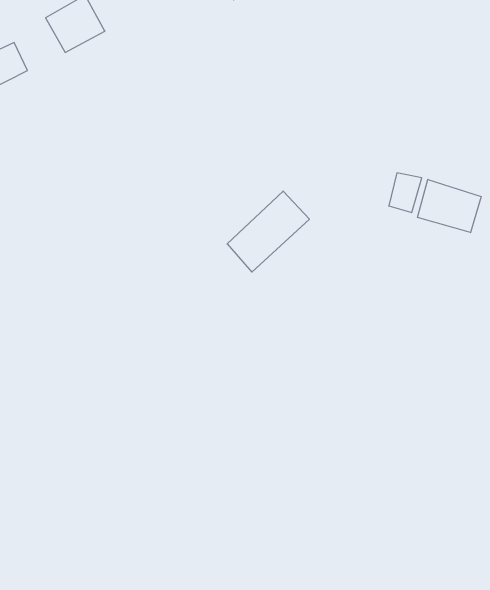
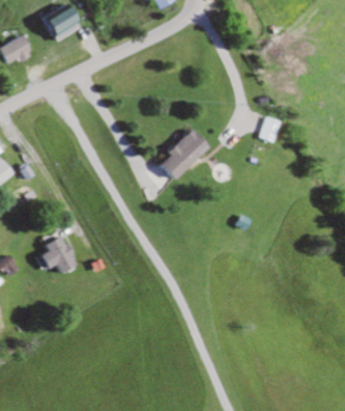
building: [417,179,481,233] -> none
building: none -> [40,235,79,272]

